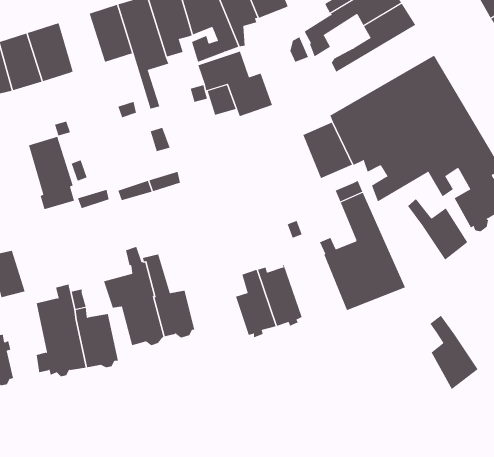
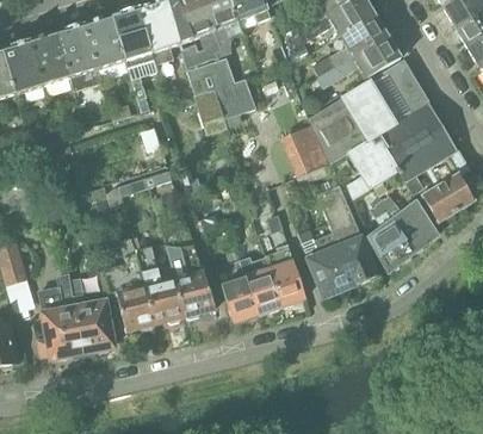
building: none -> [316,33,402,88]
building: [28,136,75,210] -> [60,23,103,91]
building: none -> [267,242,306,306]
building: none -> [167,243,217,317]
building: [429,315,479,390] -> [370,200,415,269]

